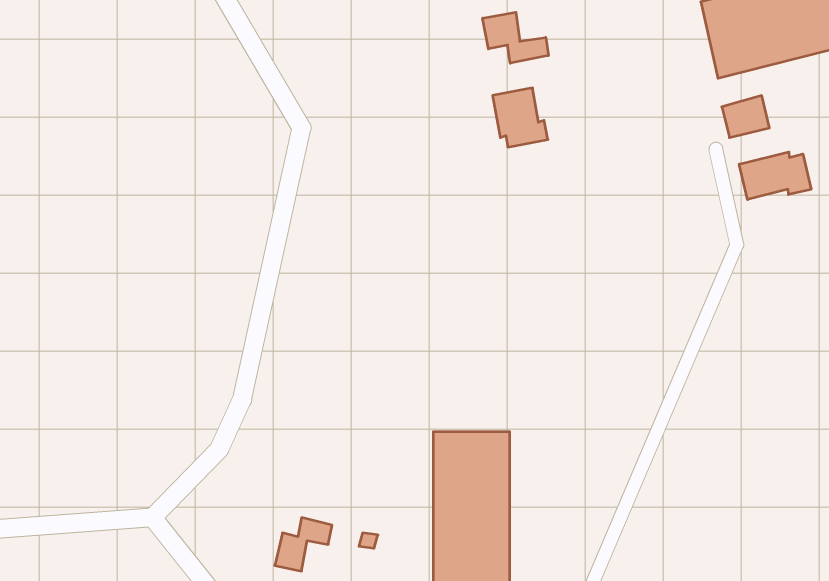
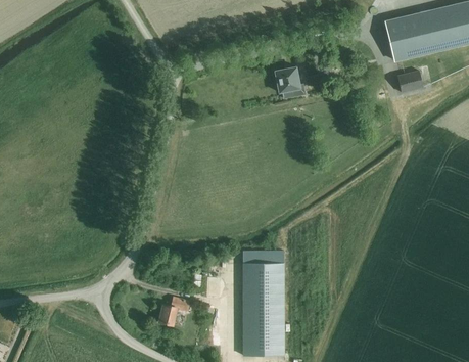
building: [483,12,548,63] -> none
building: [739,152,811,200] -> none

